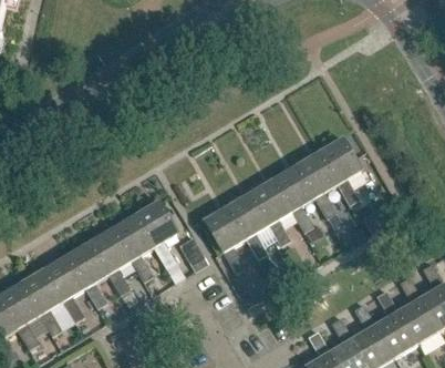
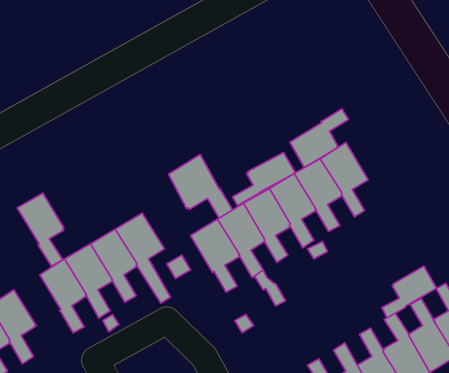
building: none -> [290,109,349,168]
building: none -> [232,153,296,205]
building: none -> [168,155,233,218]
building: none -> [382,266,437,318]
building: [43,256,85,321] -> [17,193,64,266]

